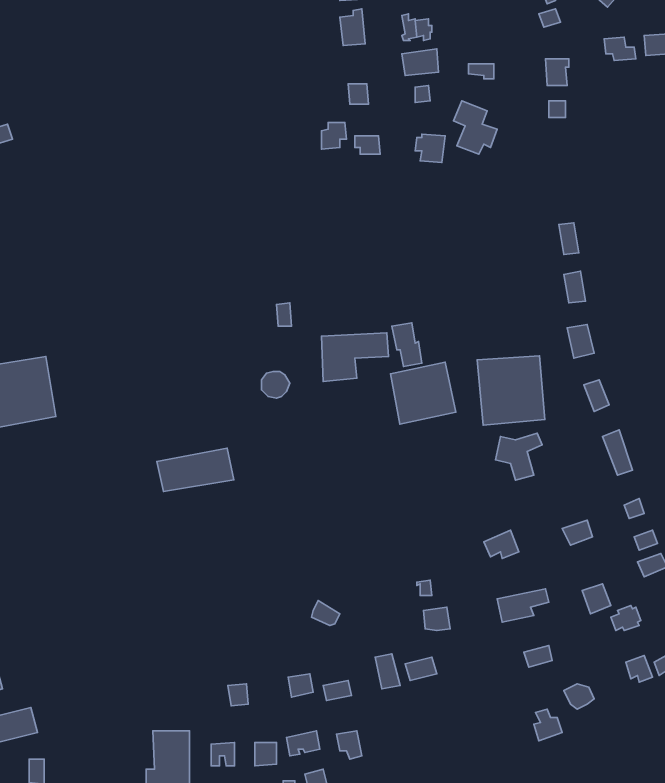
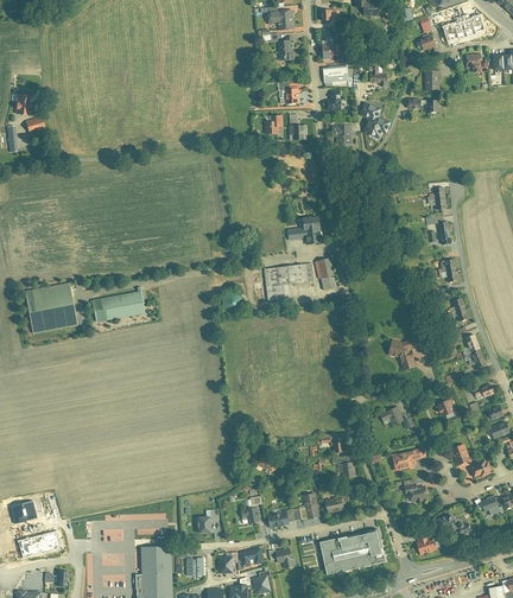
building: none -> [289,215,322,243]
building: [477,356,545,425] -> none
building: [390,362,456,424] -> none
building: [157,448,234,492] -> [91,291,146,322]
building: none -> [318,526,387,575]

